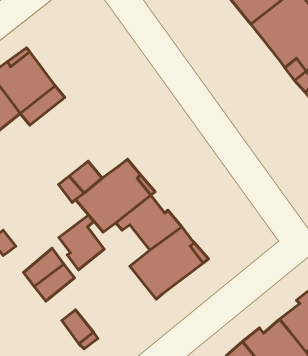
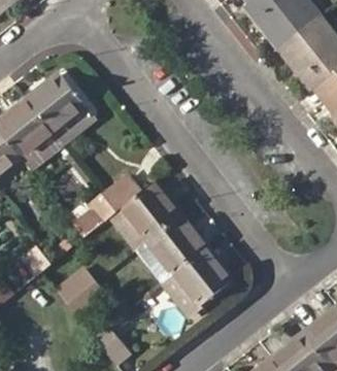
building: [59,215,104,270] -> none

